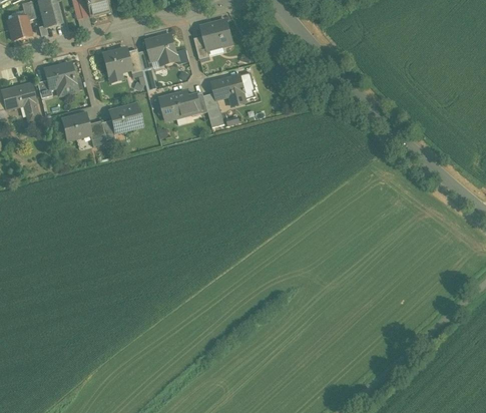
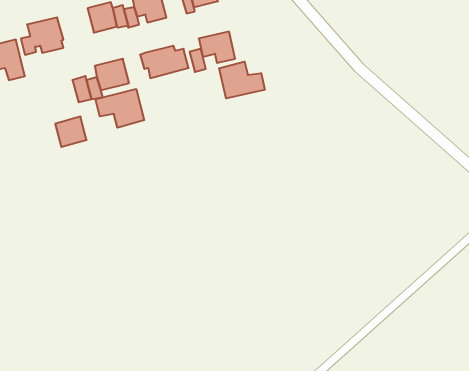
building: none -> [219,62,265,98]
building: [59,110,90,140] -> [55,117,87,147]
building: none -> [95,89,144,128]

